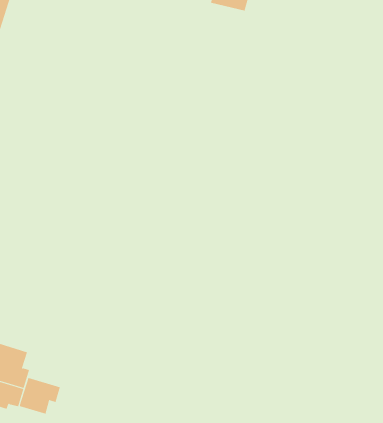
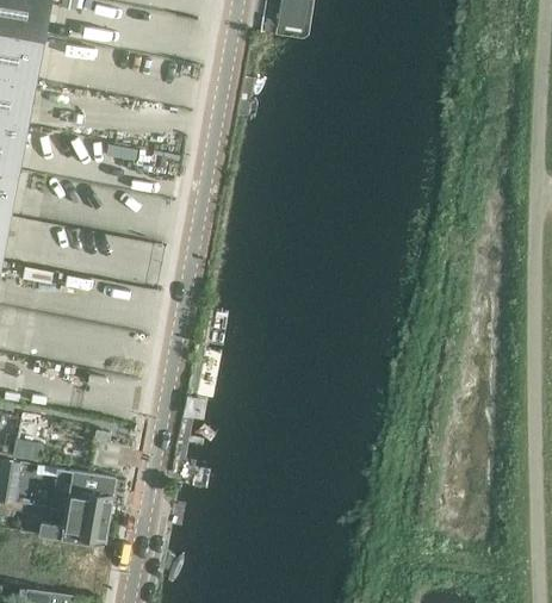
building: [19,377,61,414] -> none

